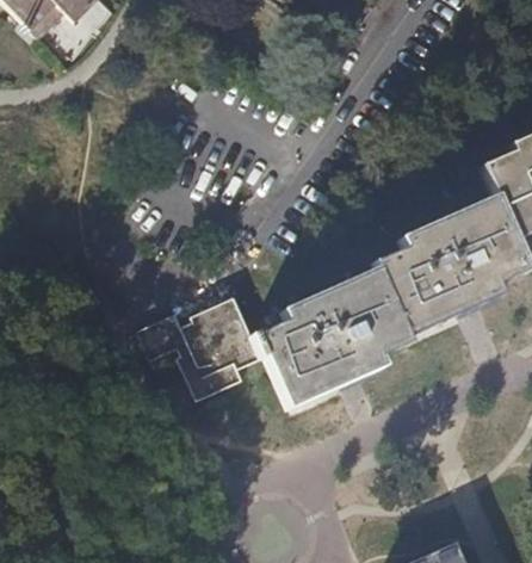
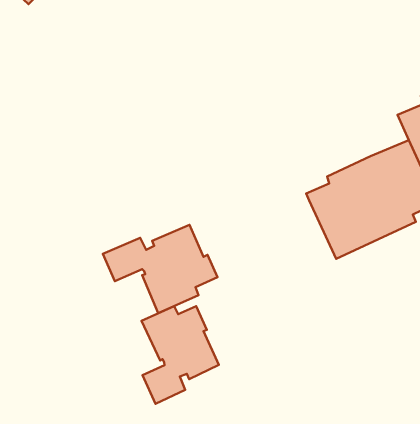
building: [255,267,412,408] -> none
building: none -> [141,306,219,404]

